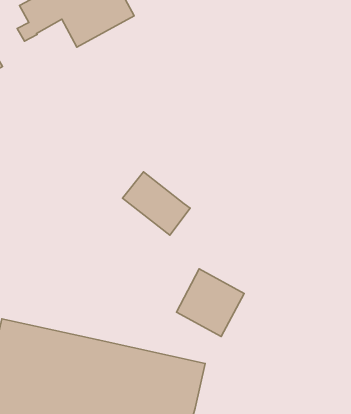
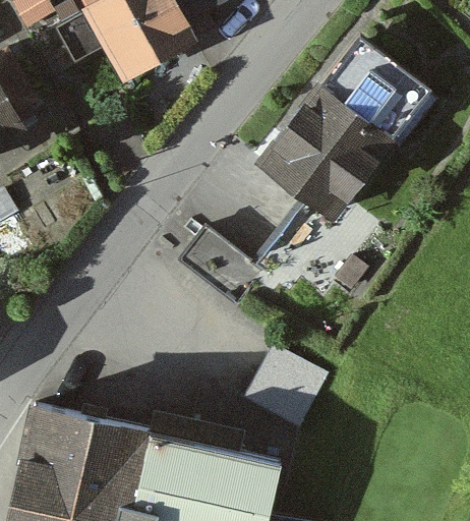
building: none -> [260,37,427,216]

